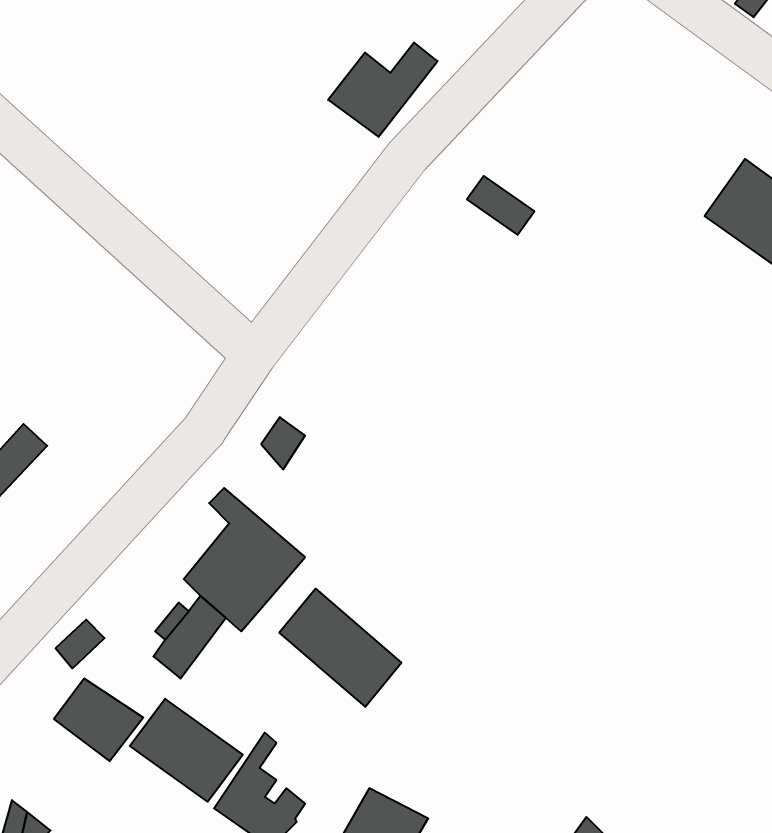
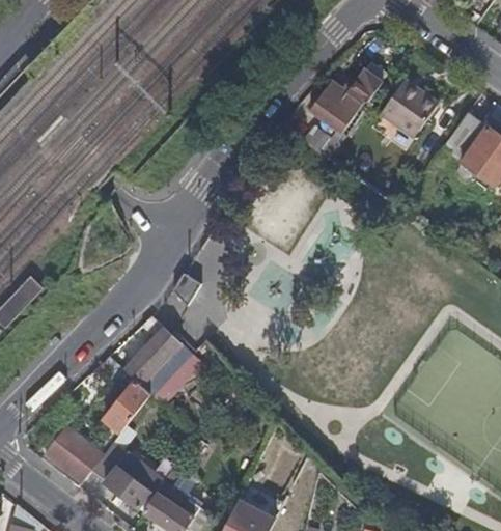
building: [328,43,438,137] -> [308,75,375,133]
building: none -> [382,83,441,140]
building: [279,589,401,707] -> none

